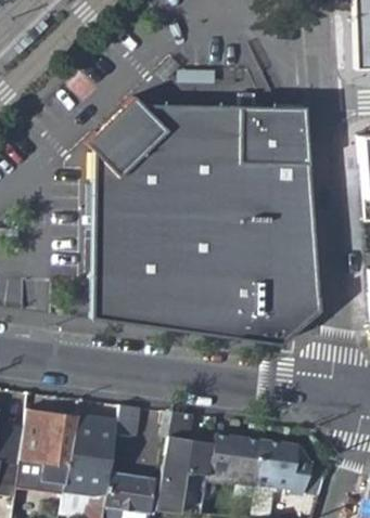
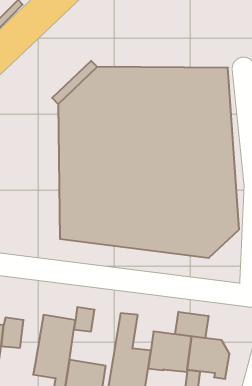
building: none -> [175,312,208,338]
building: [44,411,76,478] -> none

